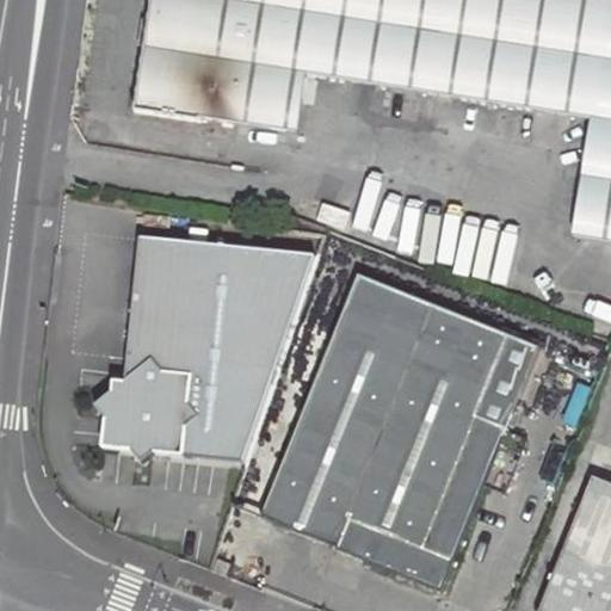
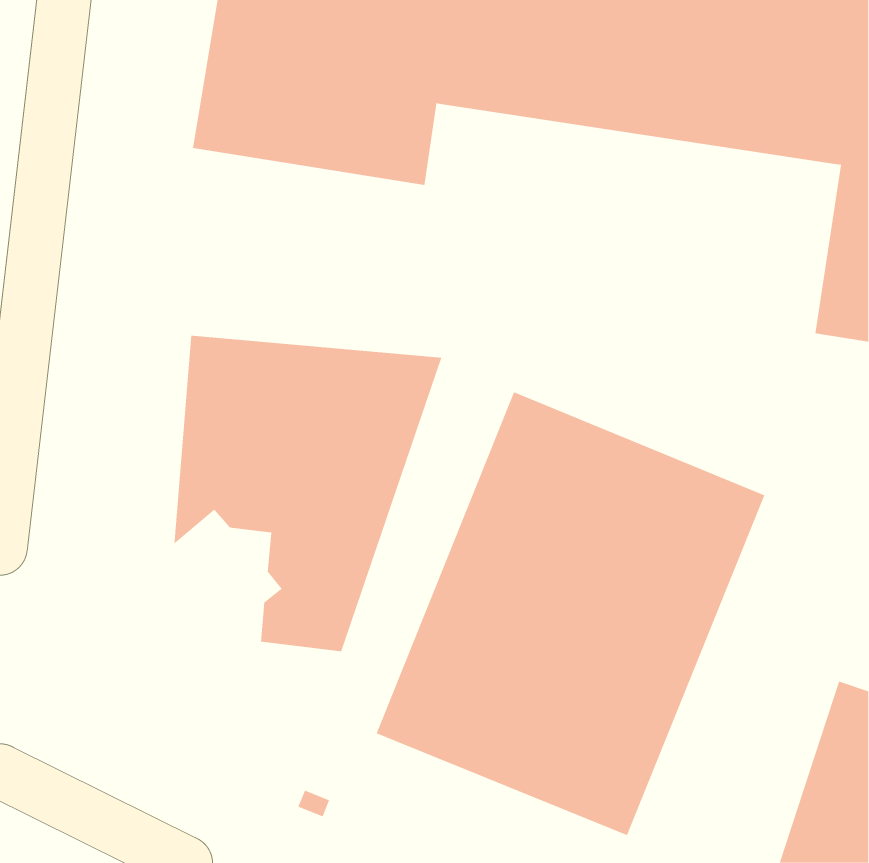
building: [94,358,197,457] -> none

